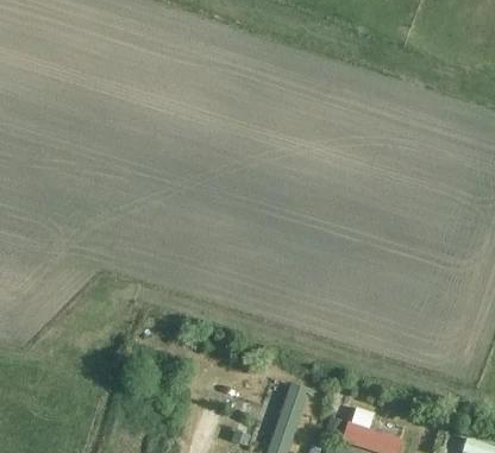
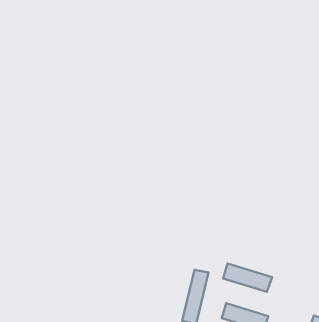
building: none -> [223,263,272,292]

